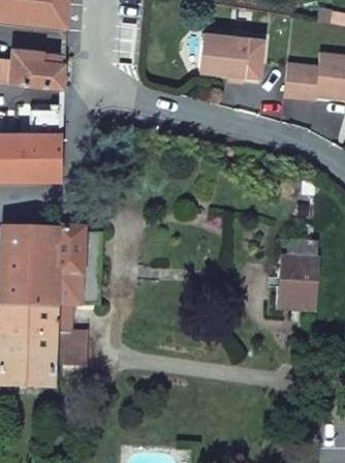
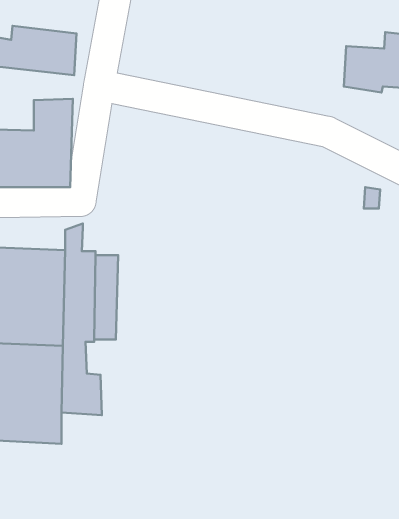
building: [199,34,264,86] -> none
building: [285,245,317,314] -> none

